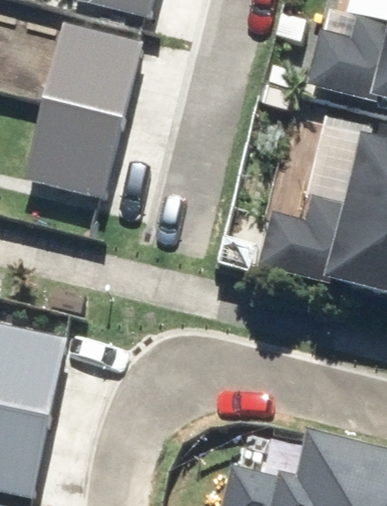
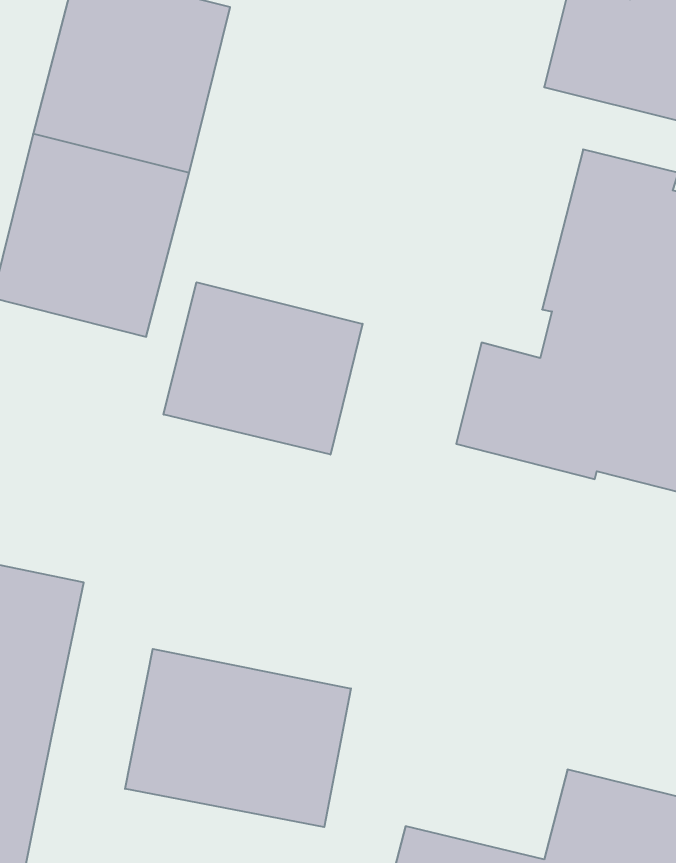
building: none -> [164,282,363,455]
building: none -> [125,649,351,827]

